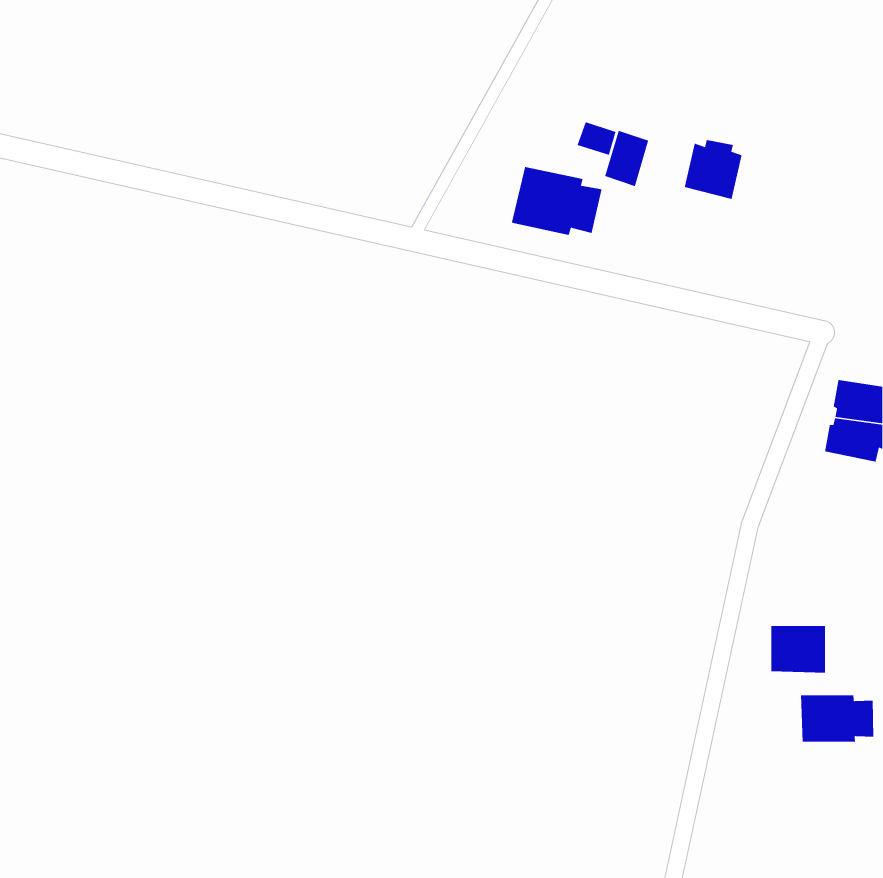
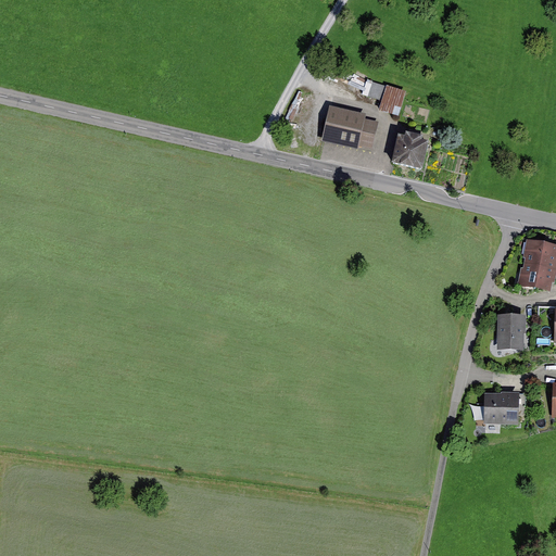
building: [684,139,743,200] -> [391,131,428,169]
building: none -> [496,313,526,349]
building: [800,694,874,743] -> none

